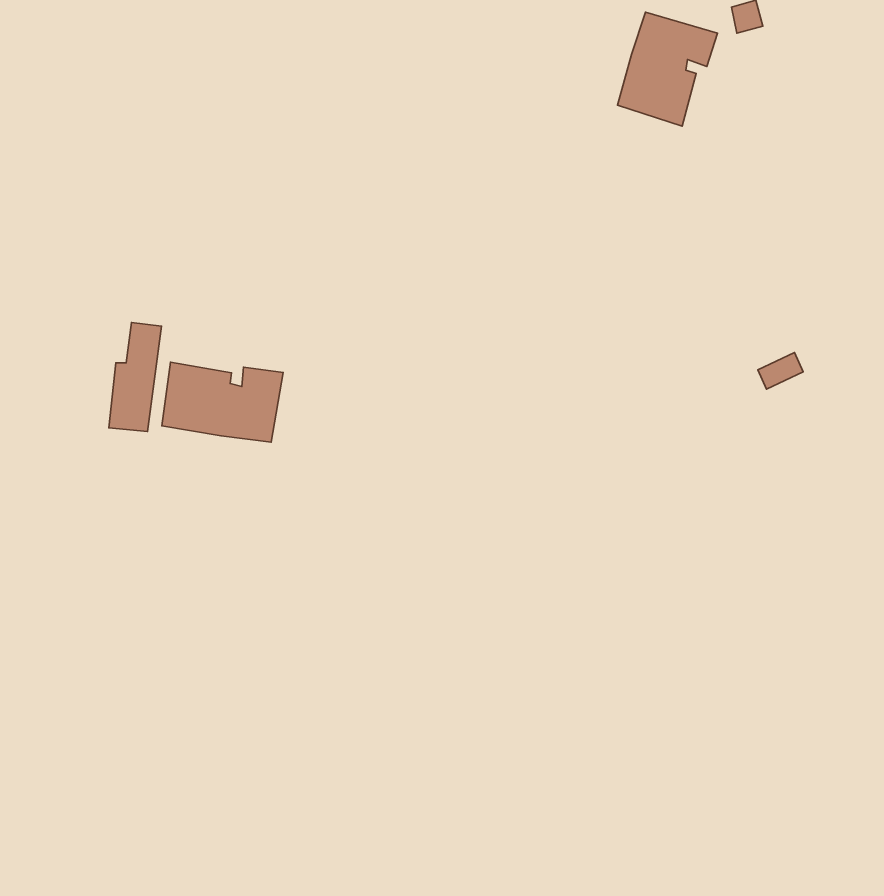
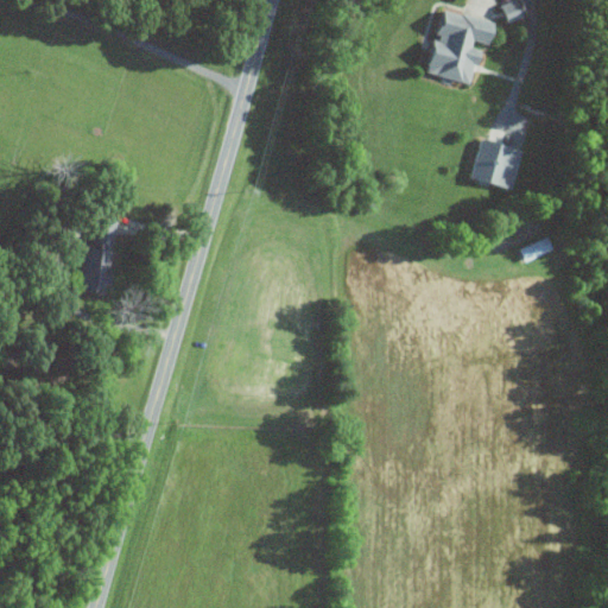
building: none -> [473,140,524,190]
building: [162,362,283,442] -> none

